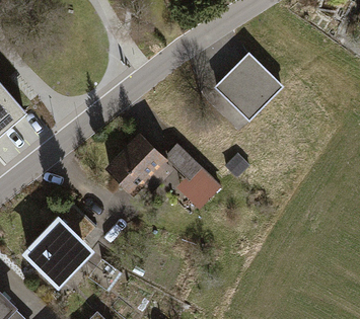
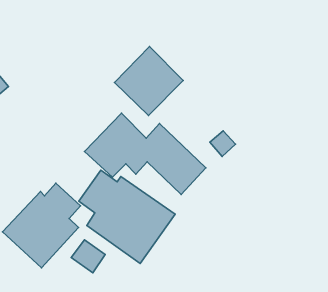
building: [218,51,286,118] -> [114,46,183,115]
building: none -> [79,170,175,263]

